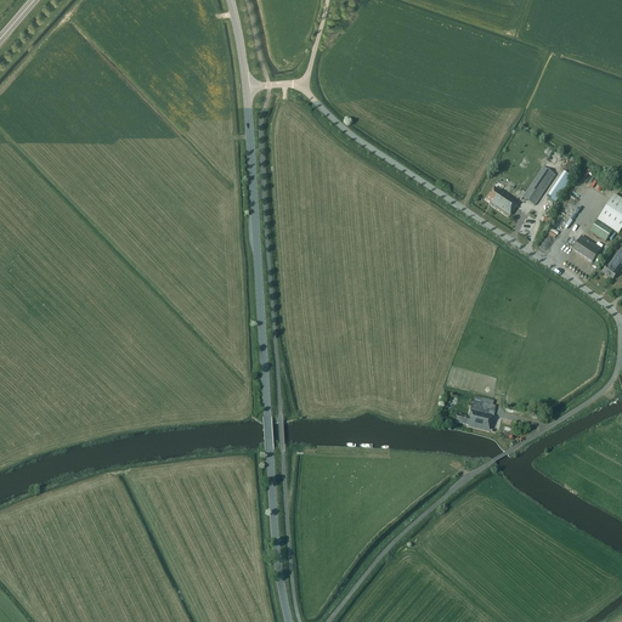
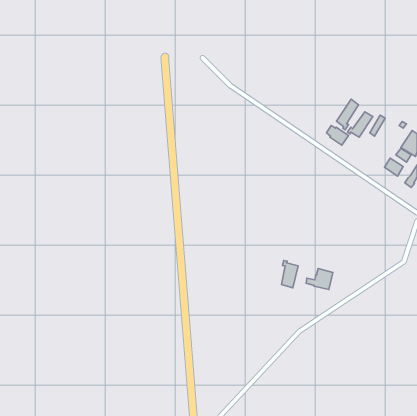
building: none -> [337,99,358,130]
building: none -> [281,260,298,288]

